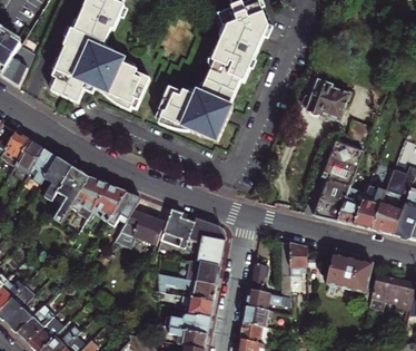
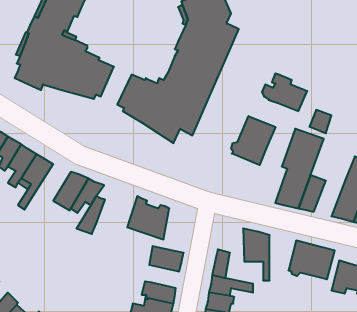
building: none -> [231,116,275,165]
building: [69,175,107,217] -> none
building: [351,184,384,227] -> none
building: [132,211,167,245] -> none
building: [198,220,226,264] -> none
building: [161,272,216,300] -> none

